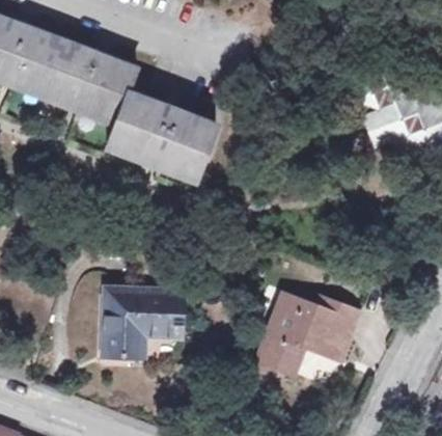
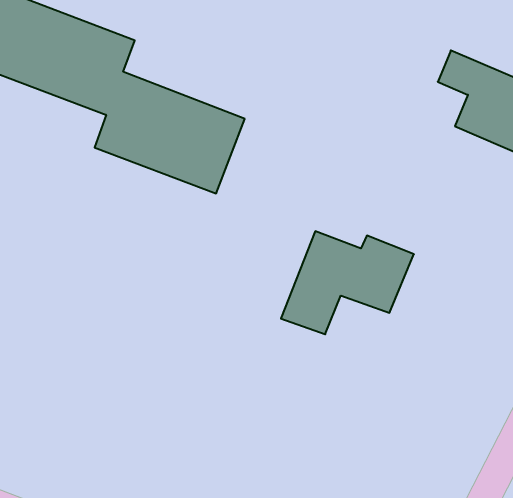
building: [104,291,181,361] -> none
building: [259,297,356,372] -> [281,231,414,334]

